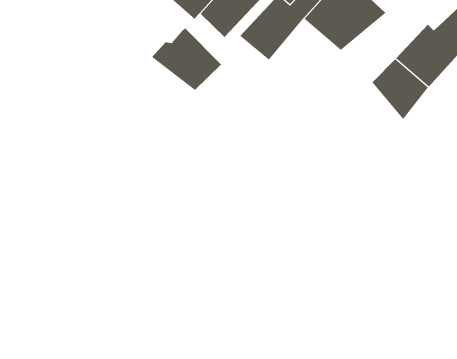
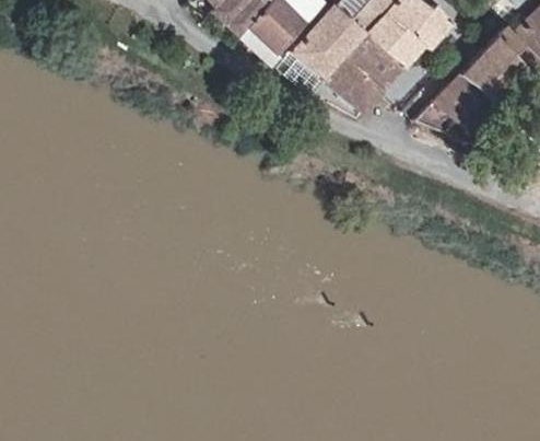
building: none -> [324,32,402,109]
building: [151,28,222,91] -> none

